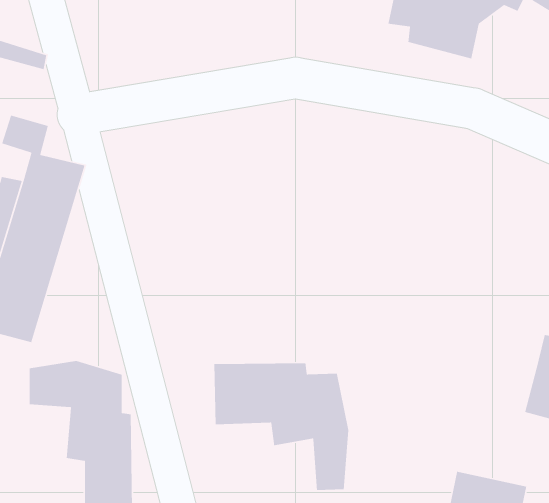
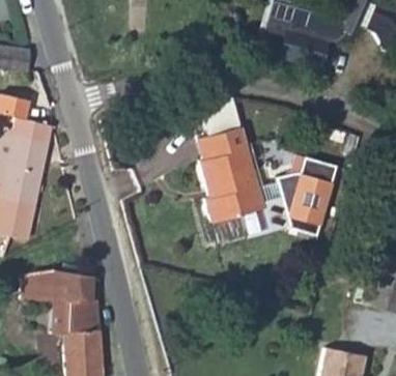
building: none -> [197,128,328,235]
building: [213,362,349,491] -> none

